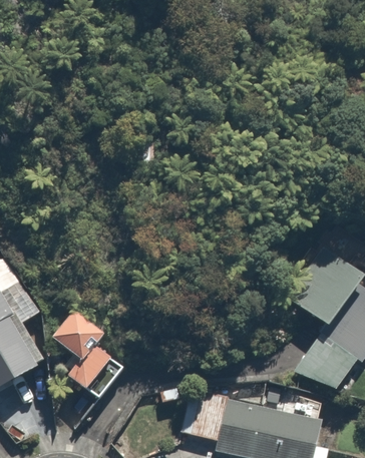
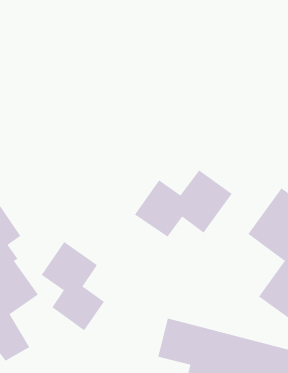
building: none -> [134,170,233,238]

